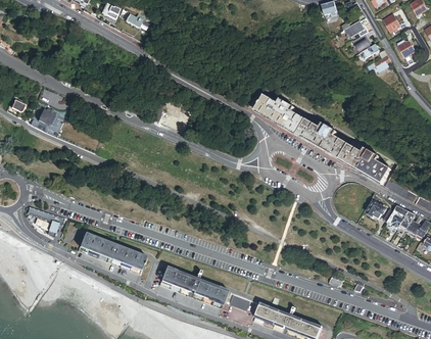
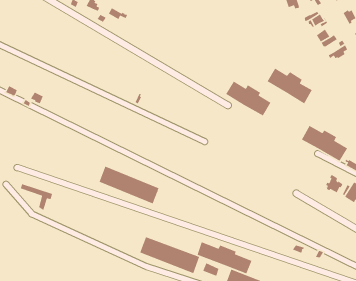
building: [296,118,347,159] -> [267,67,313,105]
building: [78,231,145,274] -> [99,166,160,204]
building: none -> [196,241,252,275]

